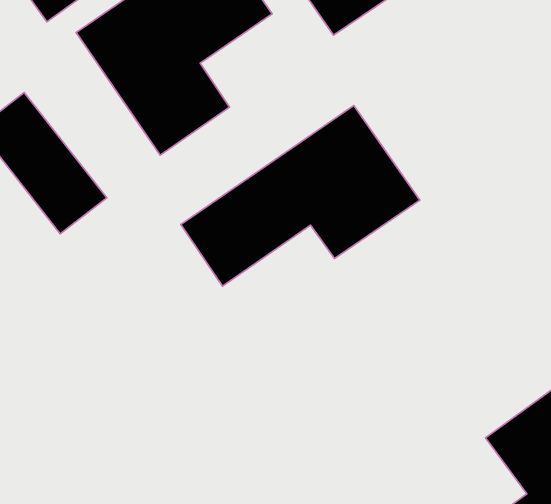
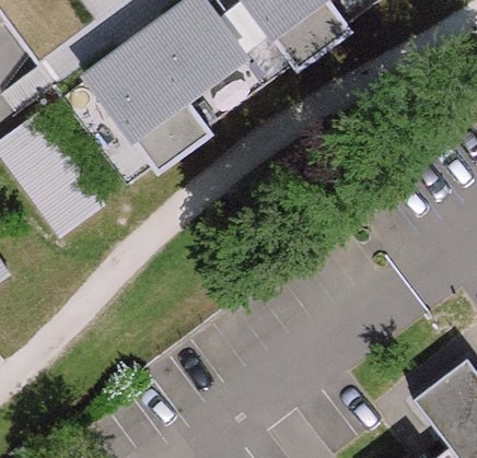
building: [181,105,420,286] -> none

